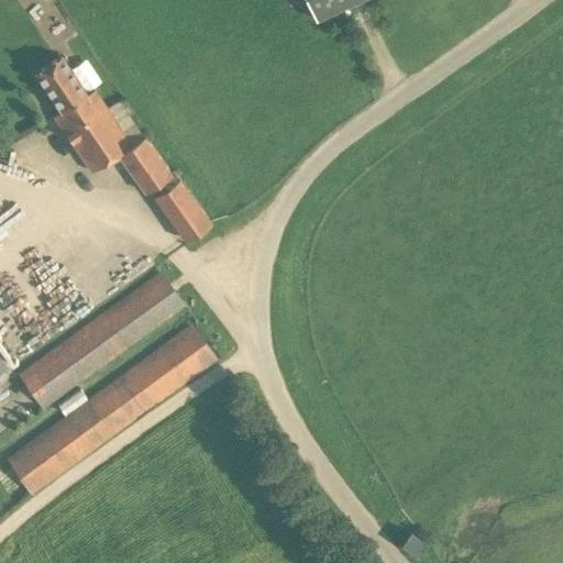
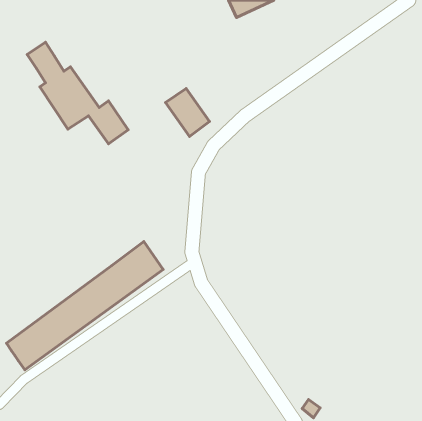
building: [152,179,210,243] -> [166,89,209,137]
building: [16,272,185,409] -> none

